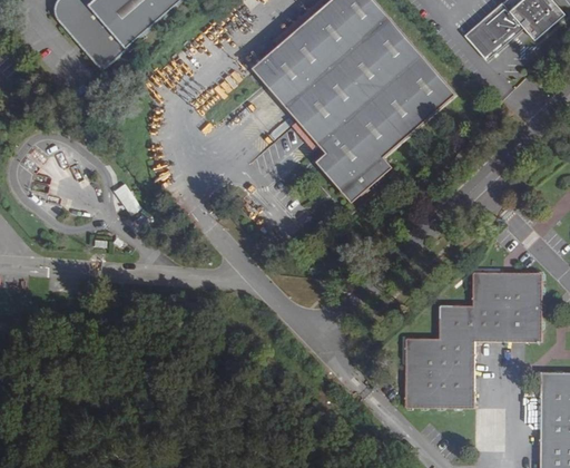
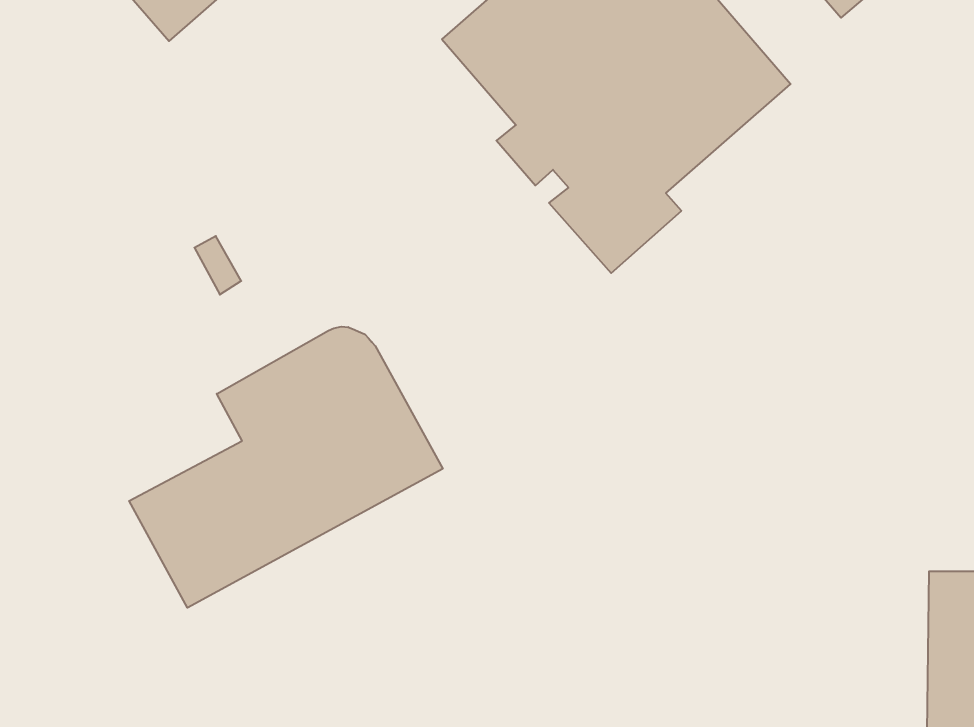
building: none -> [129,327,443,608]
building: [404,274,538,411] -> none

